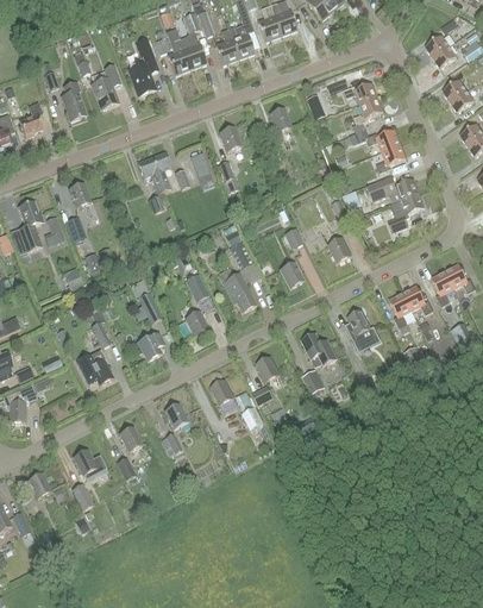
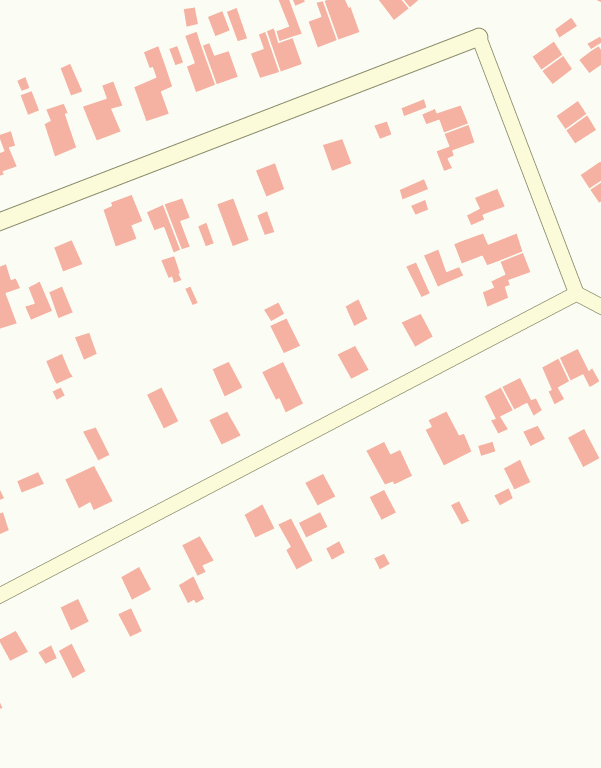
building: [350,129,400,151] -> none
building: none -> [102,194,144,248]
building: [131,330,165,359] -> none

